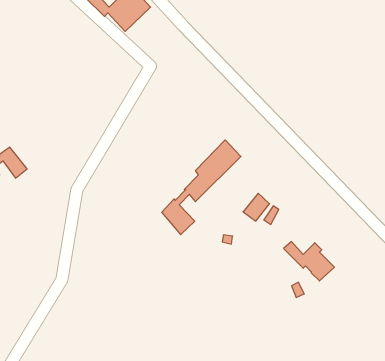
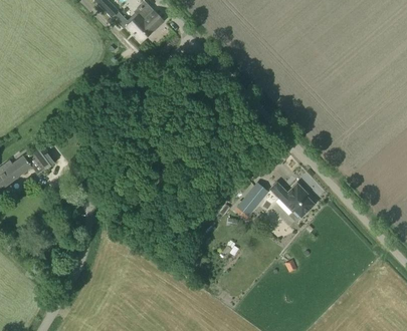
building: [162,140,241,235] -> none
building: [284,242,334,281] -> [269,182,314,216]

